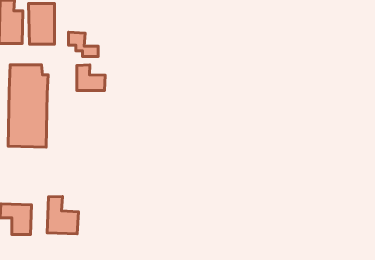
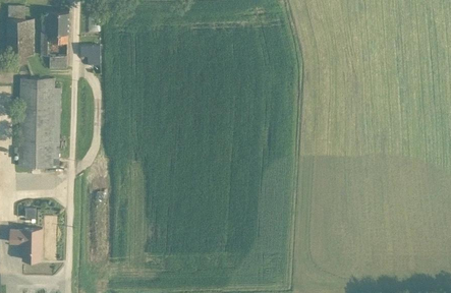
building: [77,65,105,90] -> none
building: [47,197,78,234] -> none

